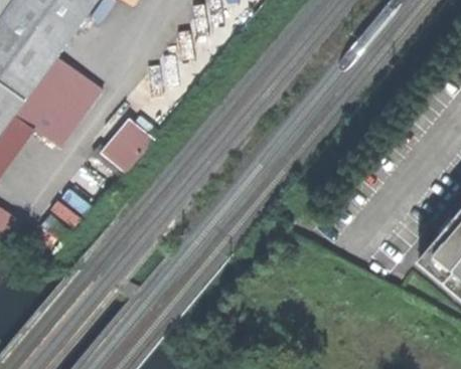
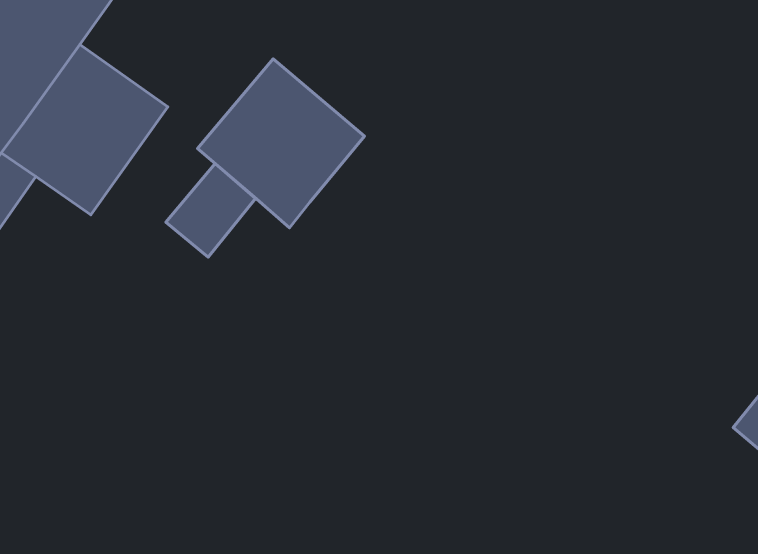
building: none -> [198,59,365,228]

